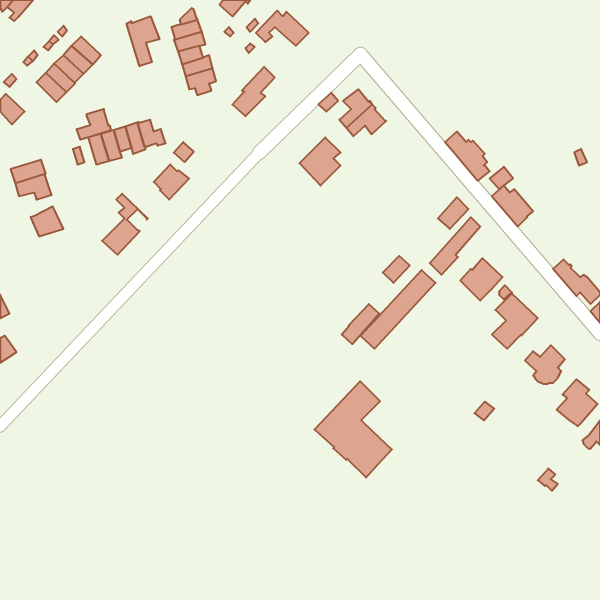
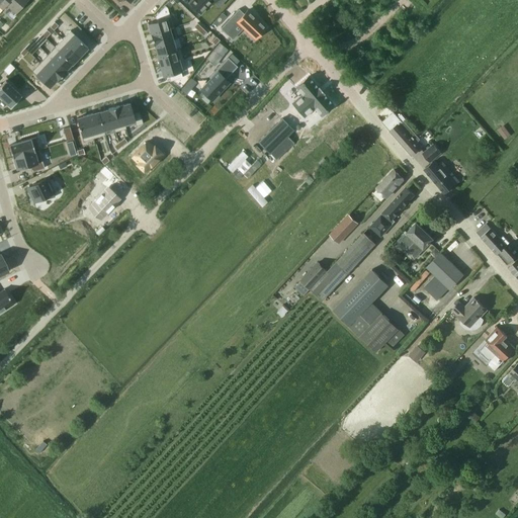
building: [127,16,159,66] -> none
building: [77,109,111,140] -> none
building: [314,381,392,478] -> [332,269,399,352]

